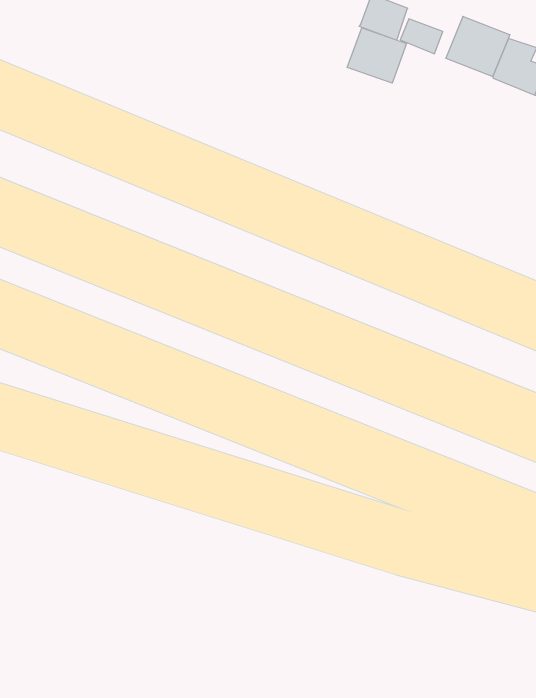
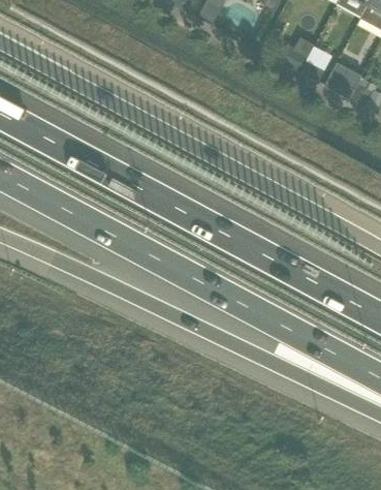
building: [347,28,407,83] -> none

